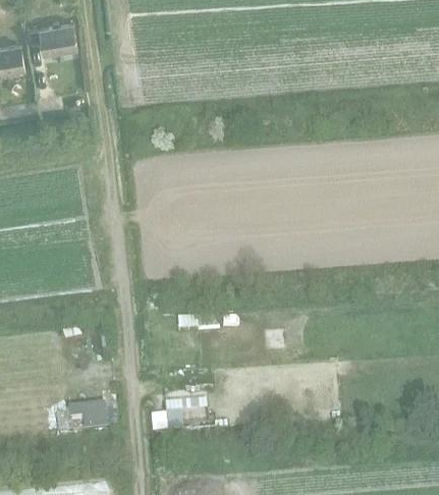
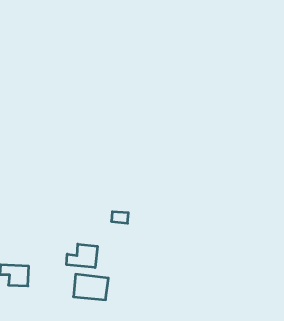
building: none -> [67,244,97,268]

